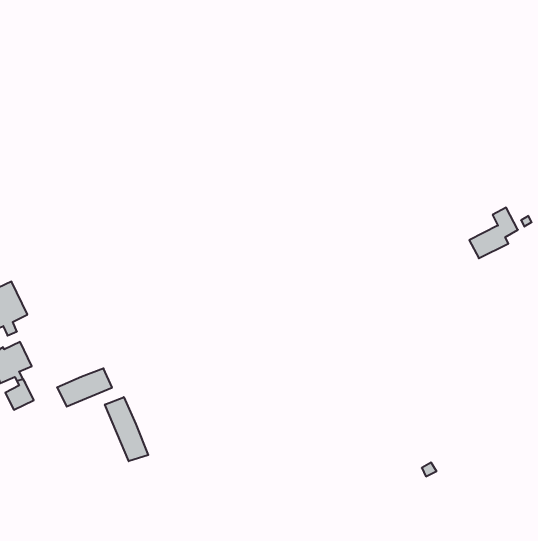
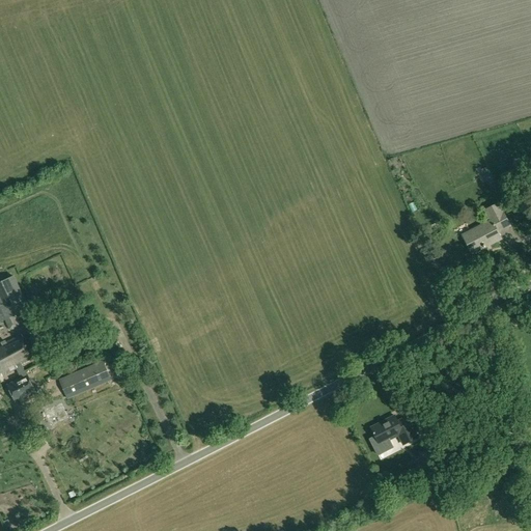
building: [105,397,148,461] -> none
building: none -> [369,417,416,445]

